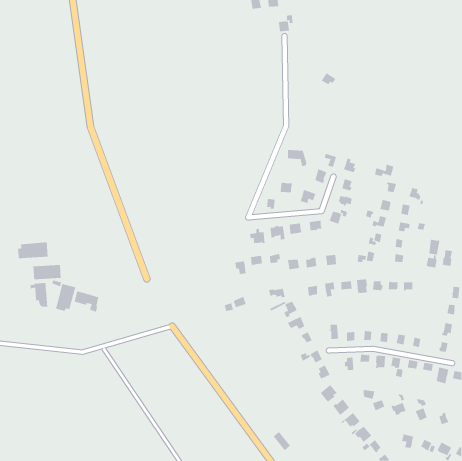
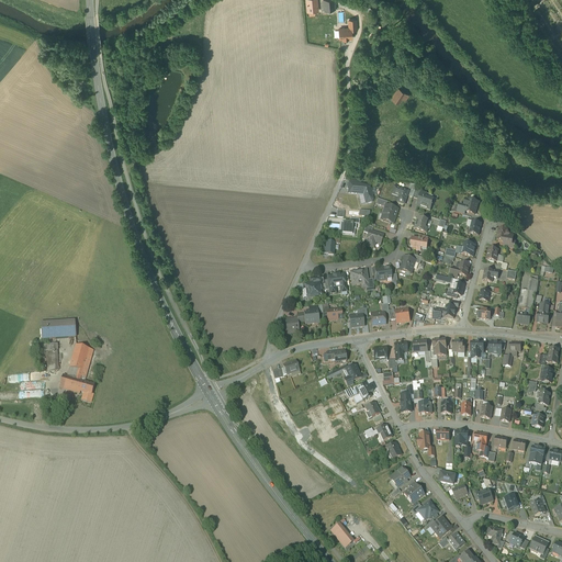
building: [18,242,48,259] -> none
building: [74,291,99,313] -> [63,374,93,401]

